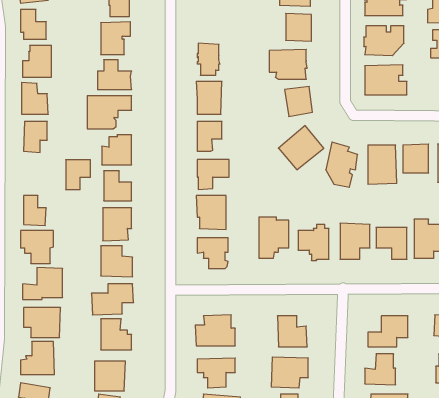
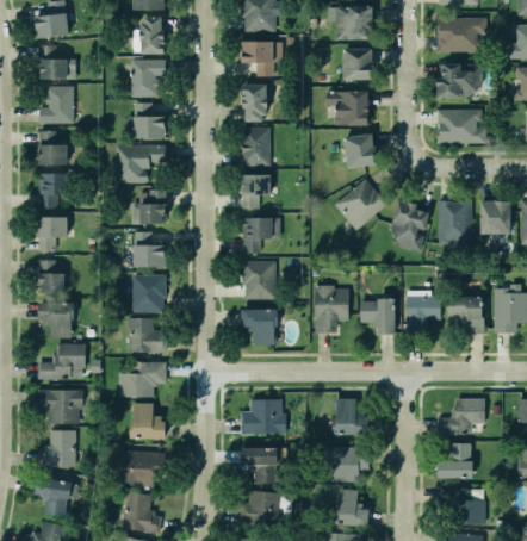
building: none -> [242,41,283,76]
building: [66,160,90,190] -> [38,216,67,250]

